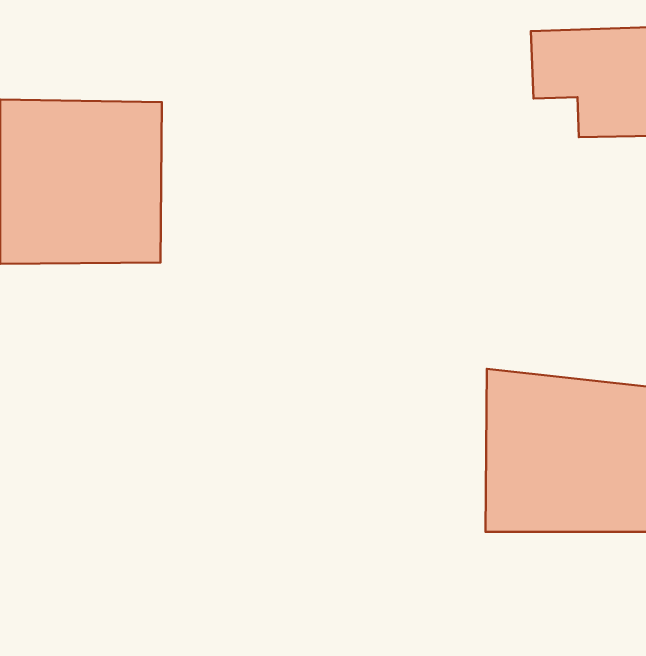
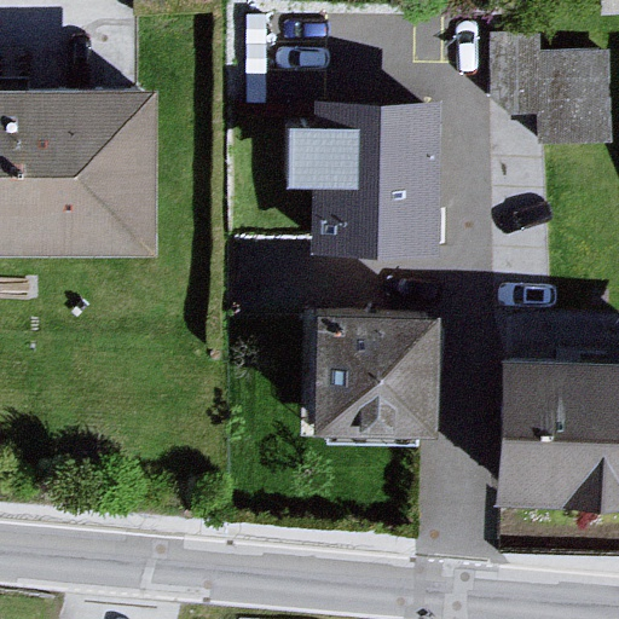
building: none -> [306,108,442,262]
building: none -> [290,314,415,445]

